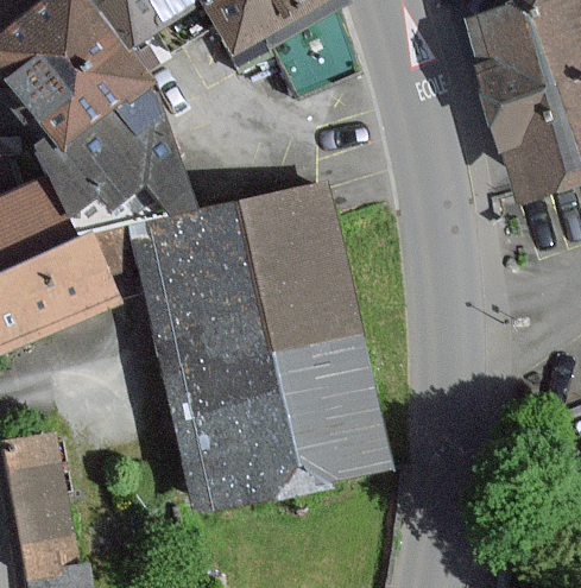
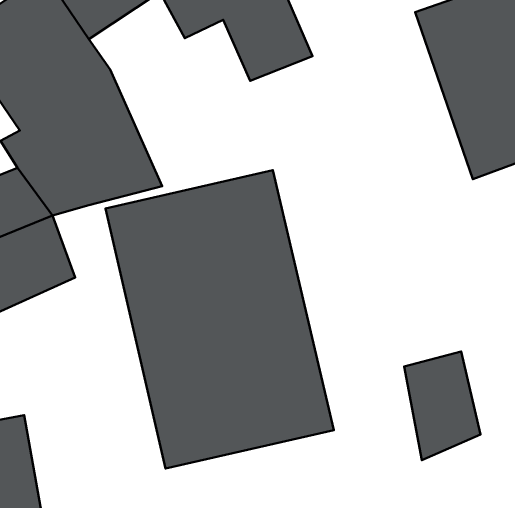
building: none -> [404,351,480,460]

